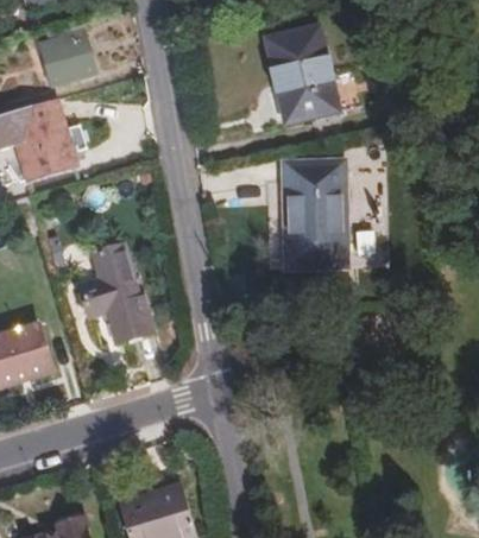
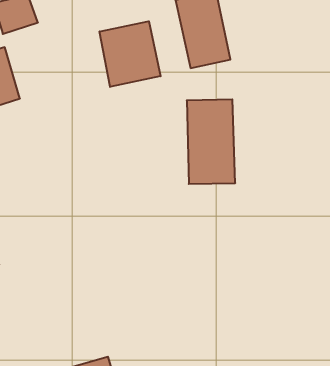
building: none -> [100,21,161,87]
building: [77,245,151,341] -> none

